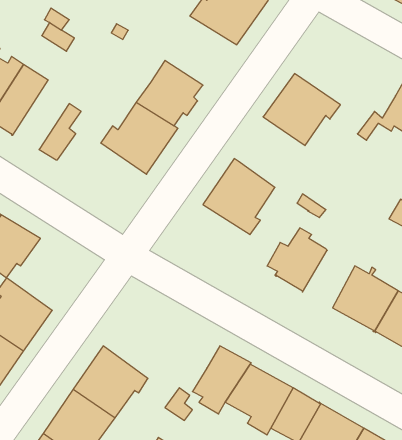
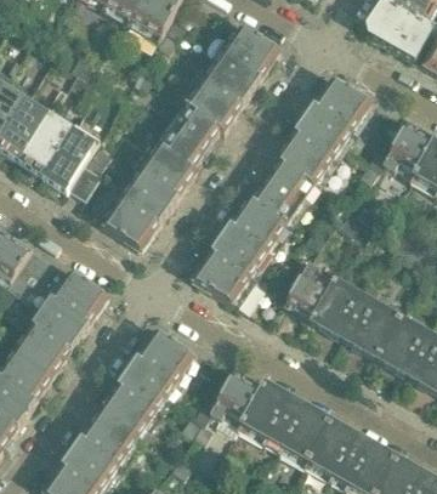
building: none -> [183,63,250,130]
building: none -> [303,78,371,146]
building: none -> [42,123,100,189]
building: none -> [251,160,313,222]
building: none -> [101,181,166,245]
building: none -> [194,238,262,301]
building: none -> [36,269,104,336]
building: none -> [311,280,363,334]
building: none -> [126,328,195,399]

